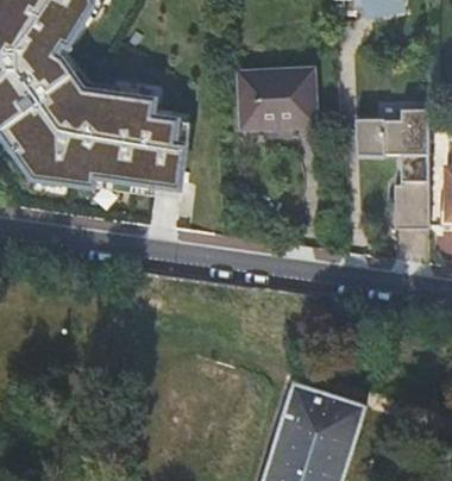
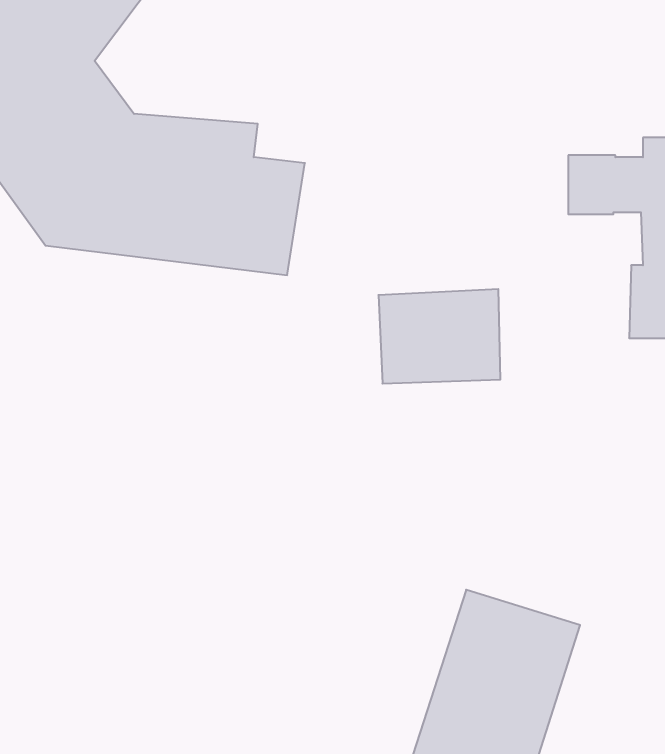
building: [238,69,312,126] -> [378,289,500,384]

